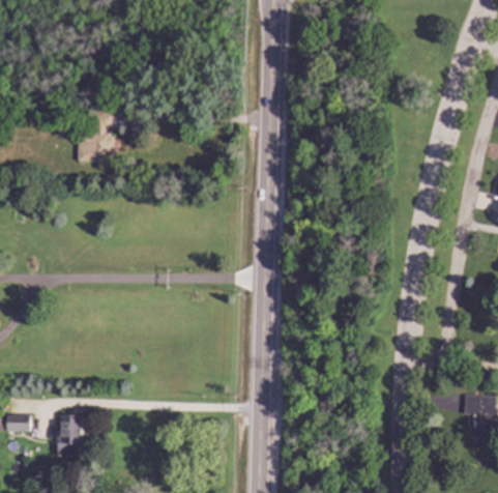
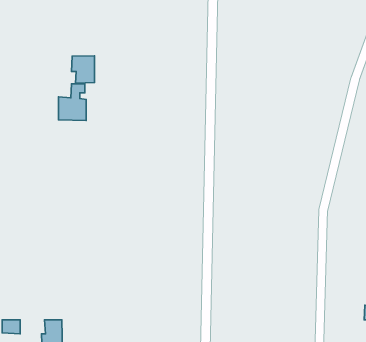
building: none -> [72,56,94,83]

